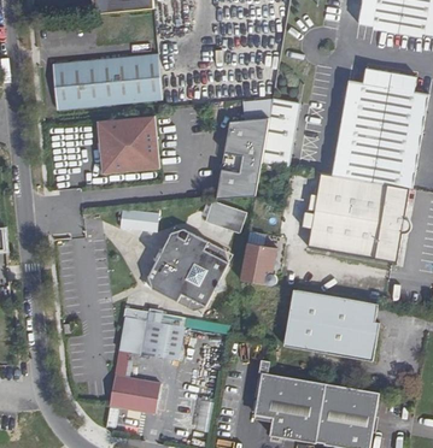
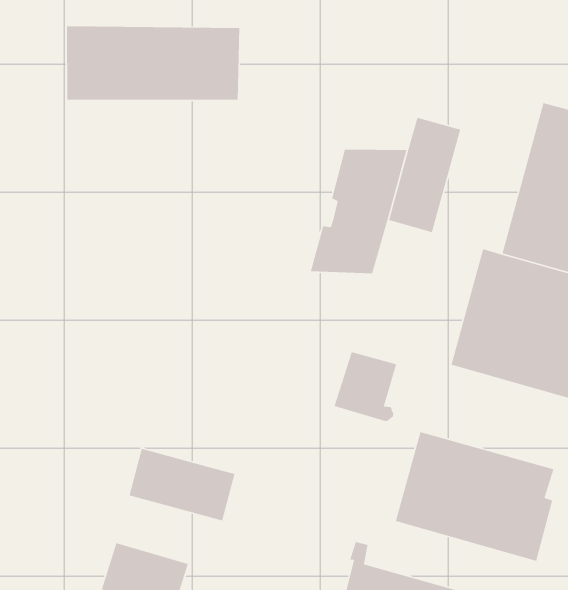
building: [96,114,159,172] -> none
building: [207,200,250,232] -> none
building: [122,208,160,230] -> none
building: [148,228,233,314] -> none

